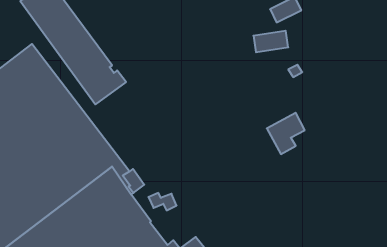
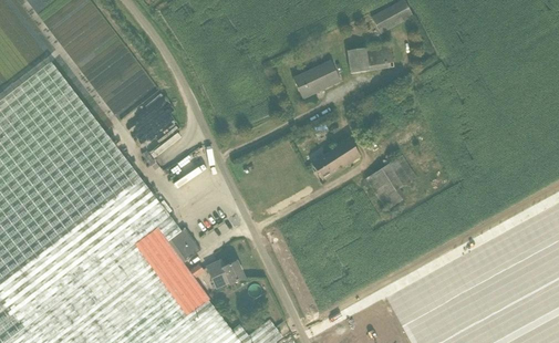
building: none -> [292,61,340,98]
building: none -> [311,139,360,180]

